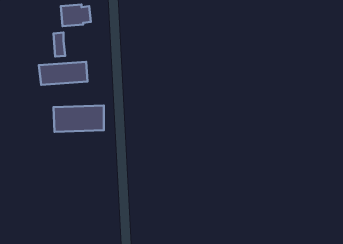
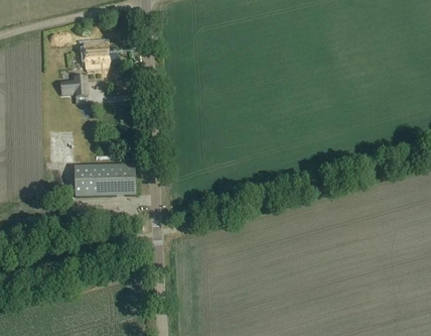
building: [39,62,88,85] -> none

